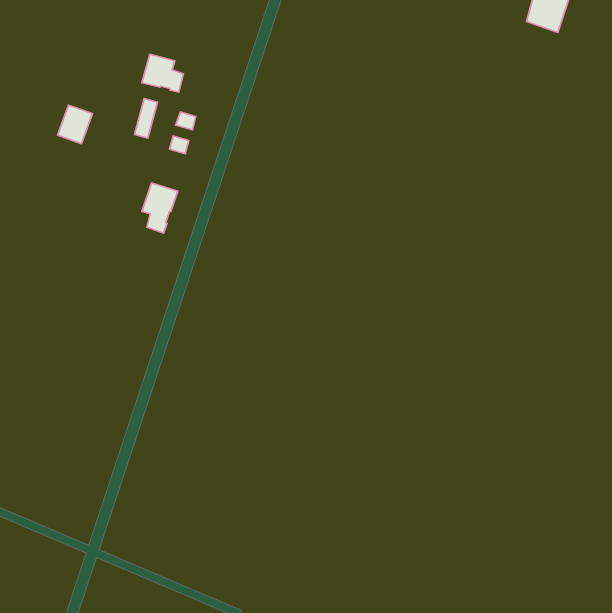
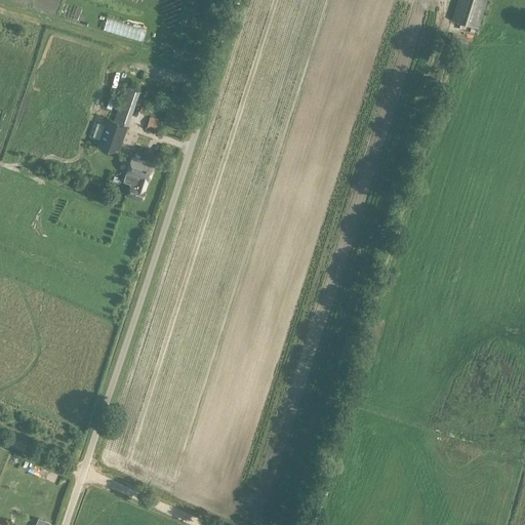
building: [142,54,183,92] -> none
building: [58,105,92,144] -> [95,119,125,152]

